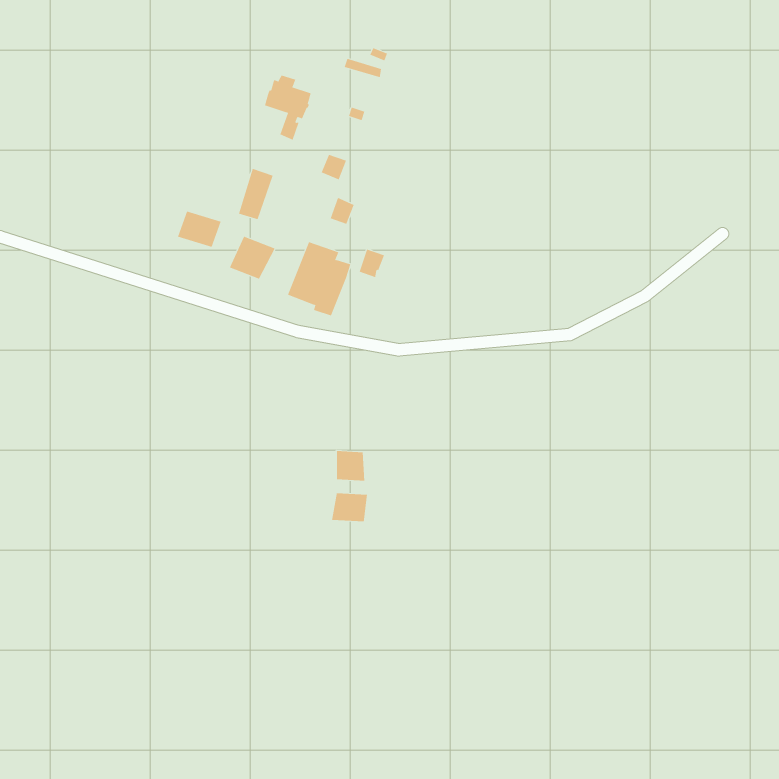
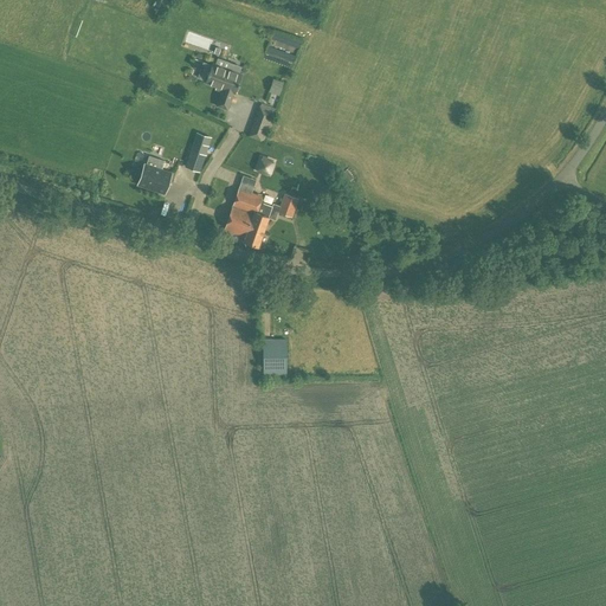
building: [229,236,275,280] -> none
building: [332,493,367,522] -> none

